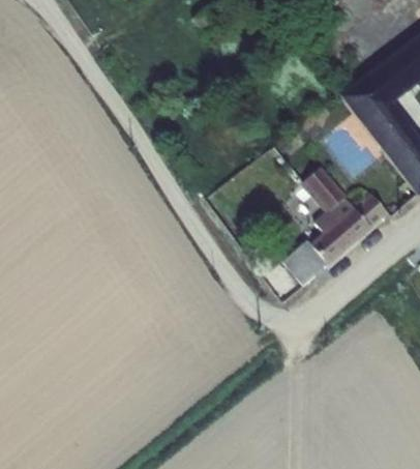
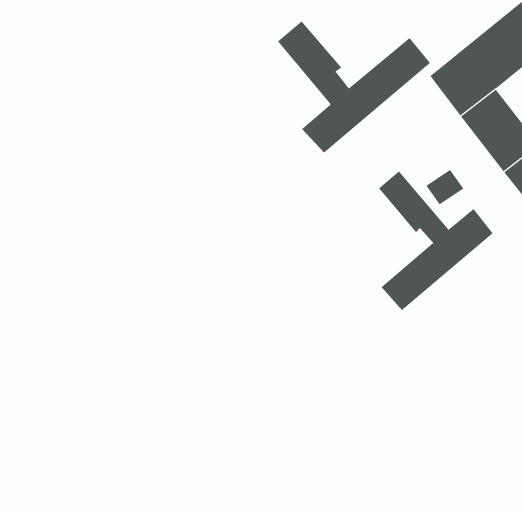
building: none -> [277,21,431,154]

